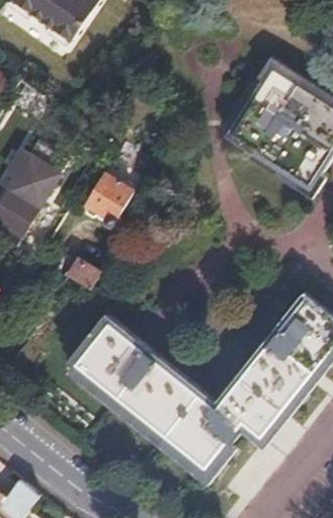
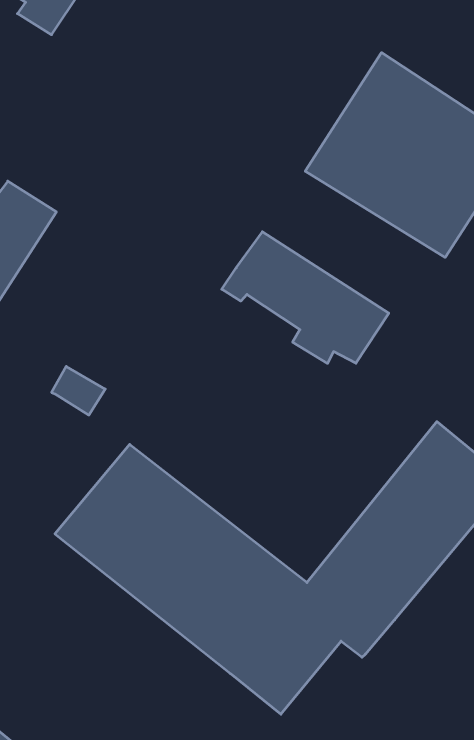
building: none -> [222,232,389,363]
building: [82,177,135,230] -> none

